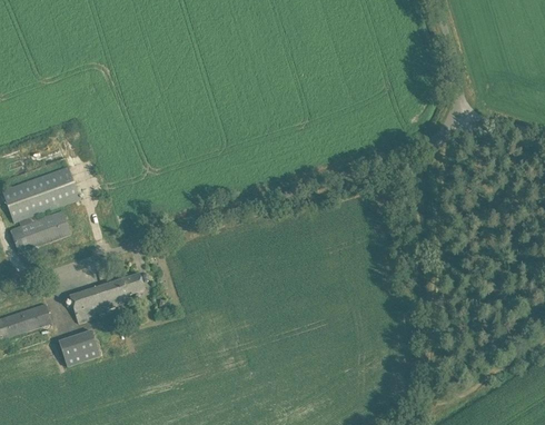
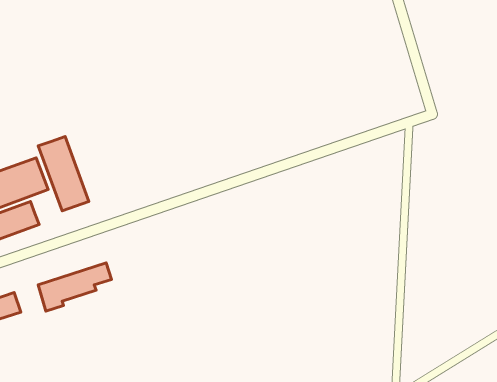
building: none -> [38,137,89,211]
building: [56,329,98,367] -> none

